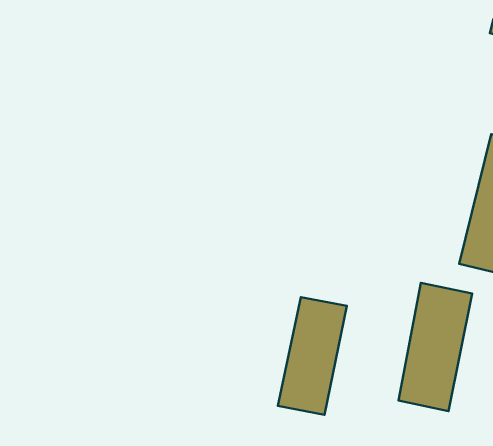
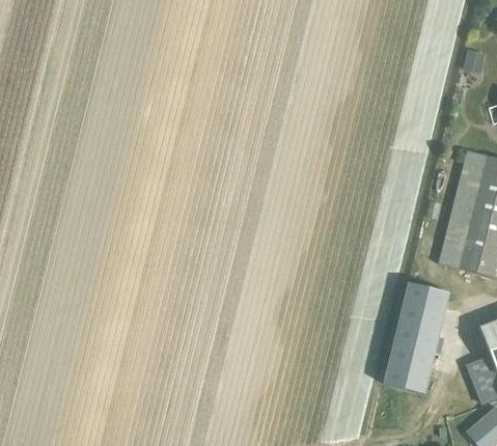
building: [278,297,347,415] -> none

